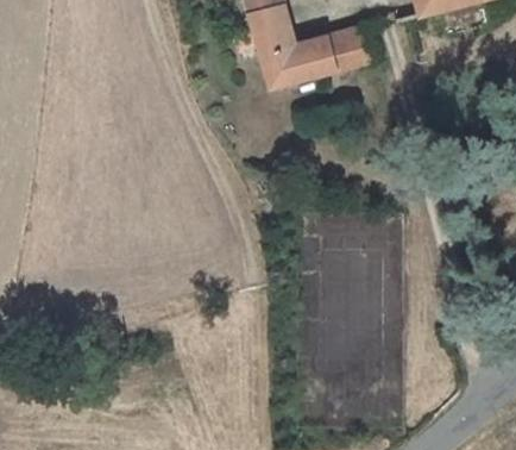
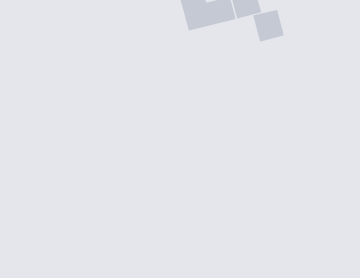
building: none -> [252,9,285,43]

